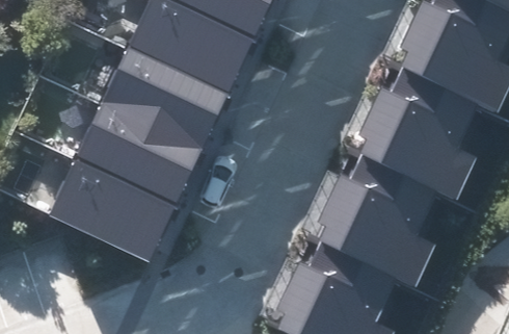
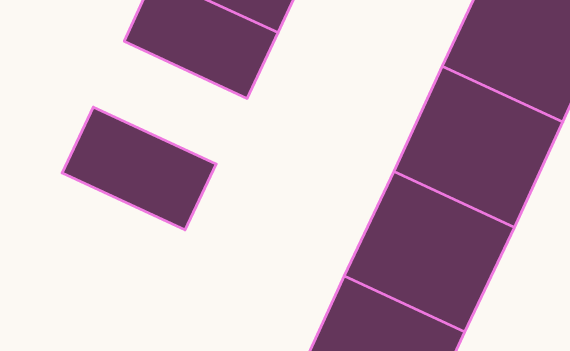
building: [99,48,227,151] -> none
building: [47,158,176,261] -> none

